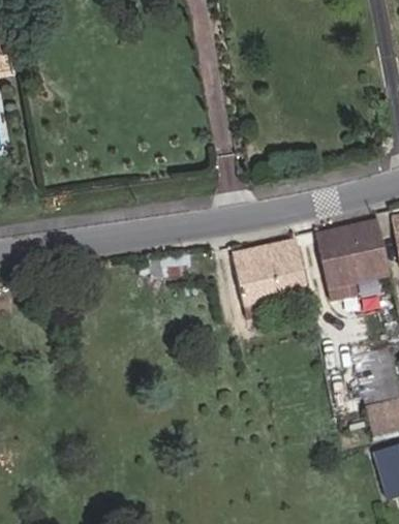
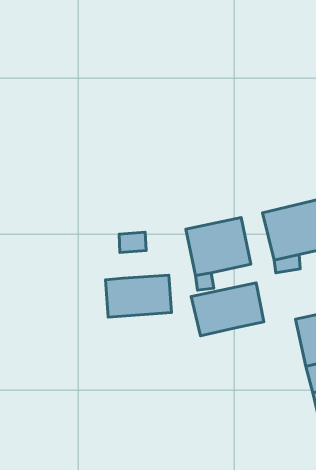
building: none -> [105,275,172,317]
building: none -> [191,283,264,336]

